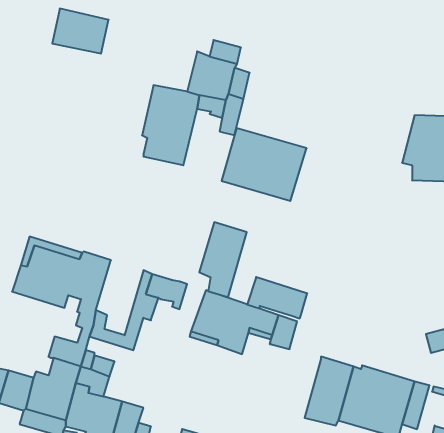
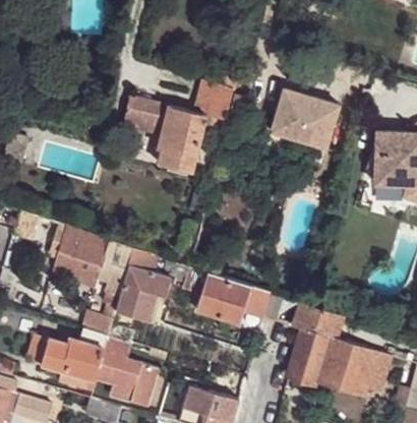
building: [52,9,109,54] -> [120,98,166,134]
building: [222,128,307,201] -> [272,88,341,147]
building: [199,222,247,297] -> [119,249,158,310]
building: [247,277,307,318] -> [292,304,341,338]

